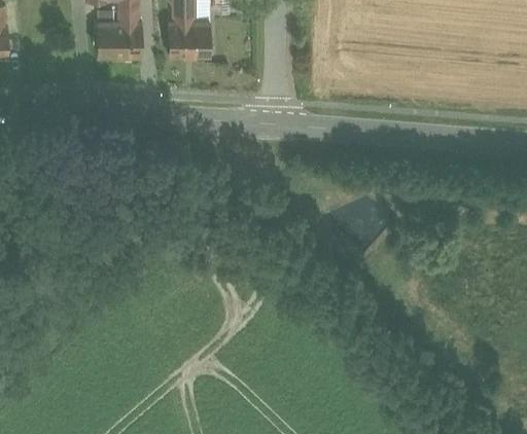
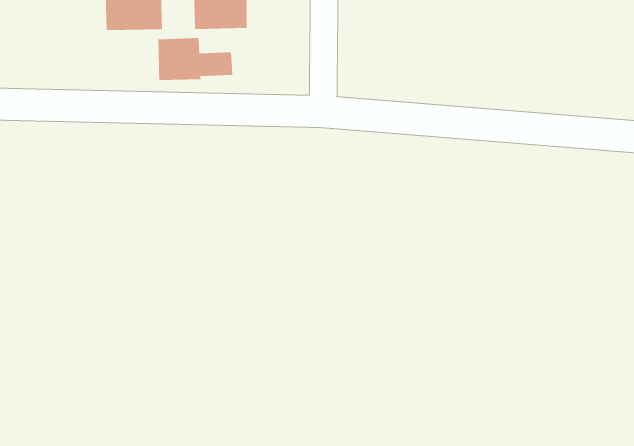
building: none -> [158,37,233,81]

